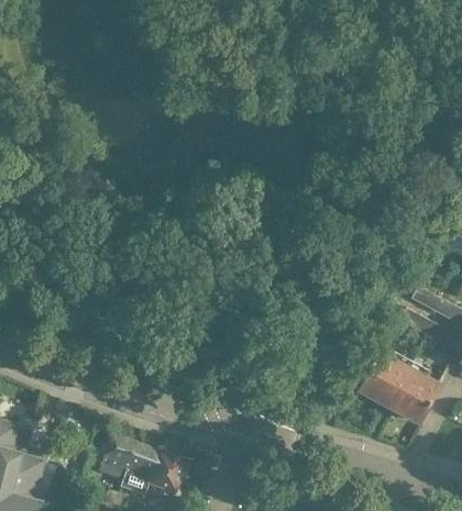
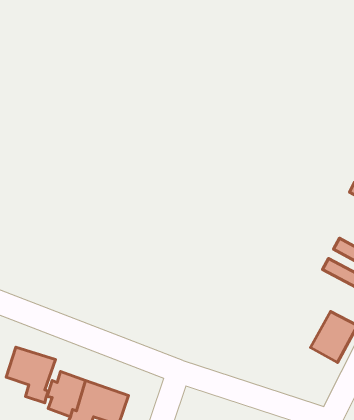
building: [358,349,409,406] -> none
building: none -> [6,347,56,403]

